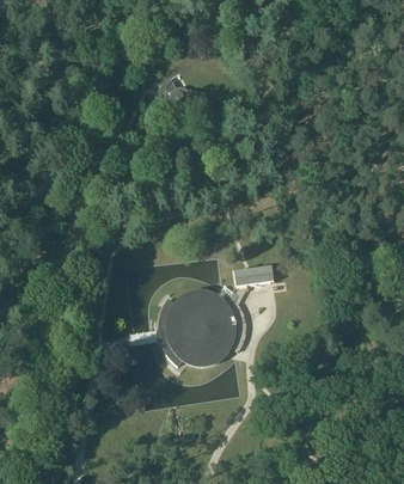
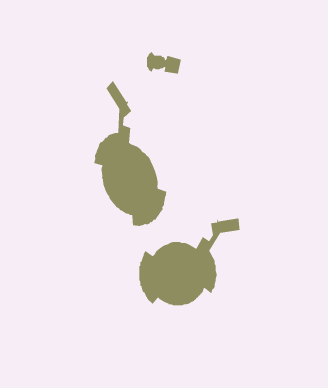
building: none -> [93,80,167,227]

